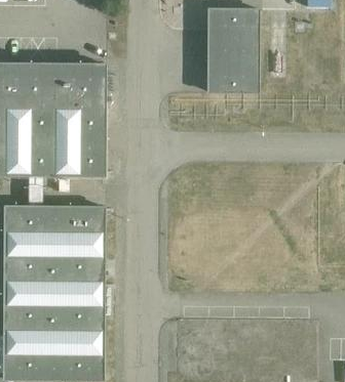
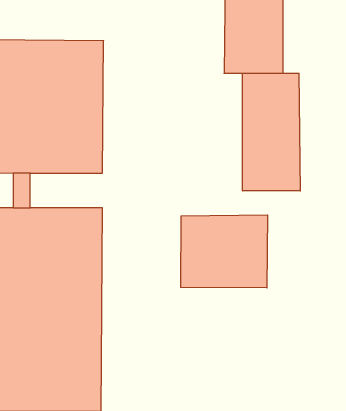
building: none -> [243,73,300,191]
building: none -> [181,215,267,288]

